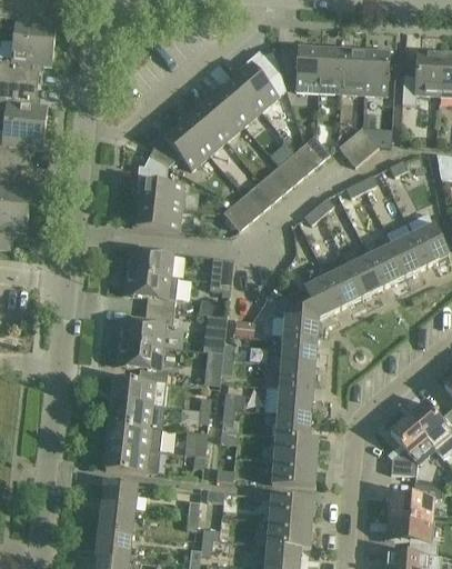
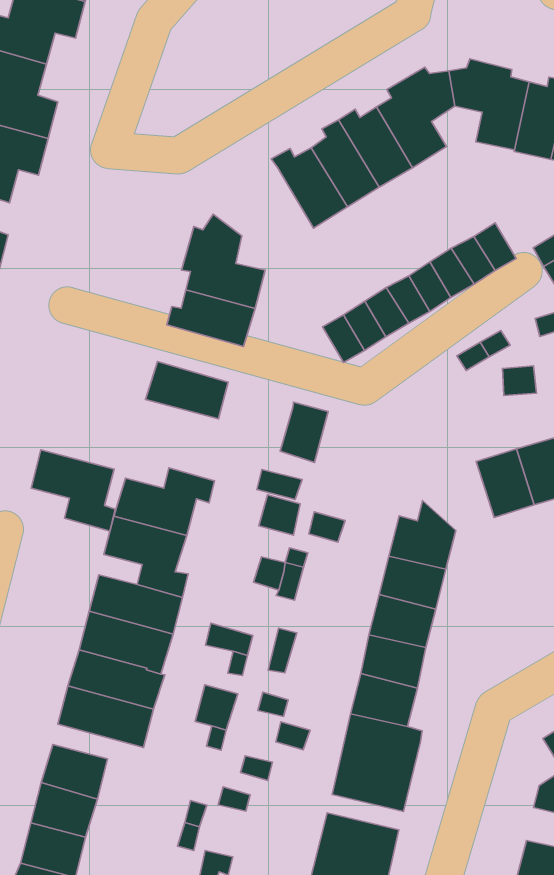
building: [148,123,208,170] -> none
building: [123,271,174,312] -> [31,450,115,531]
building: [297,277,340,319] -> none

